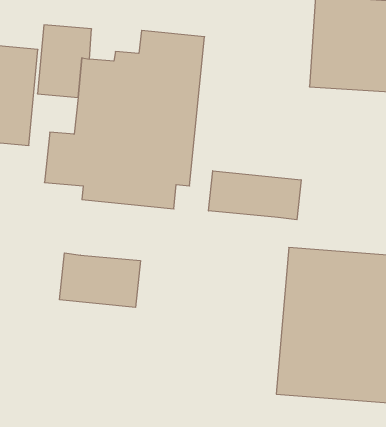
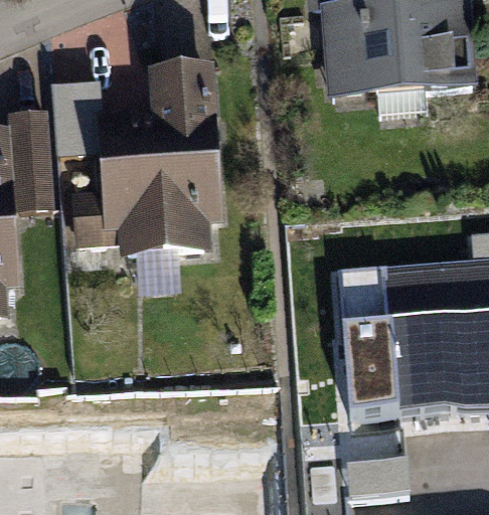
building: [209,171,301,220] -> none
building: [60,253,140,307] -> none

